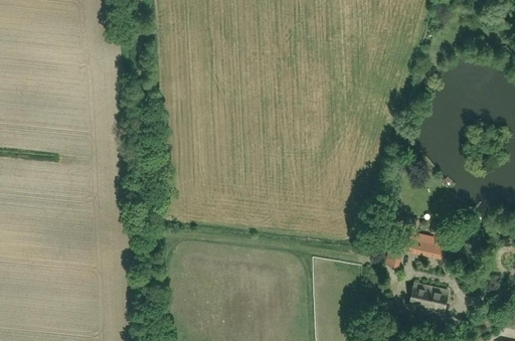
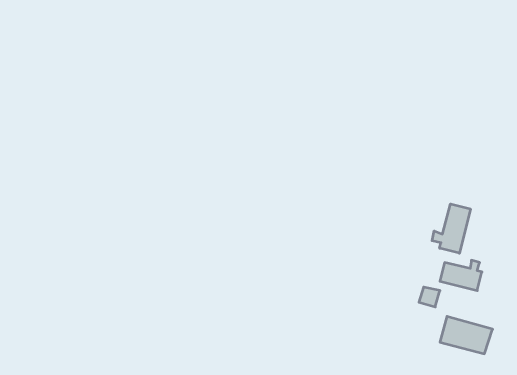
building: none -> [432,204,470,253]

